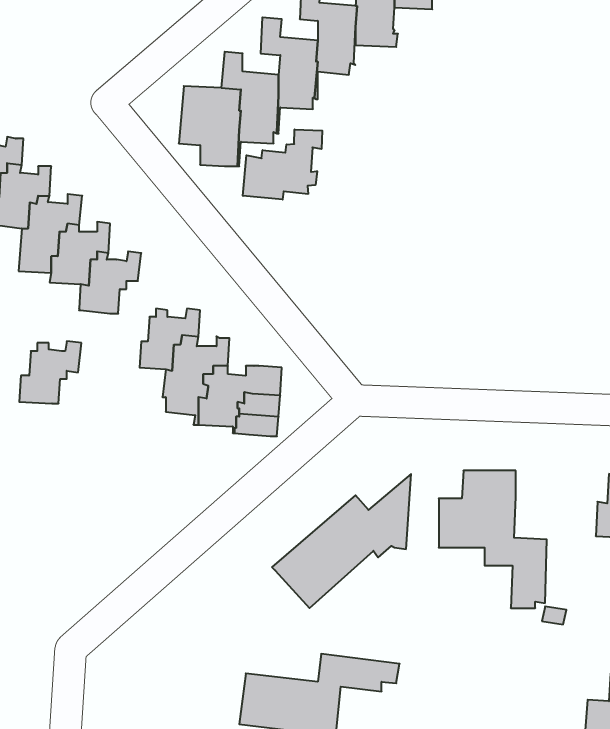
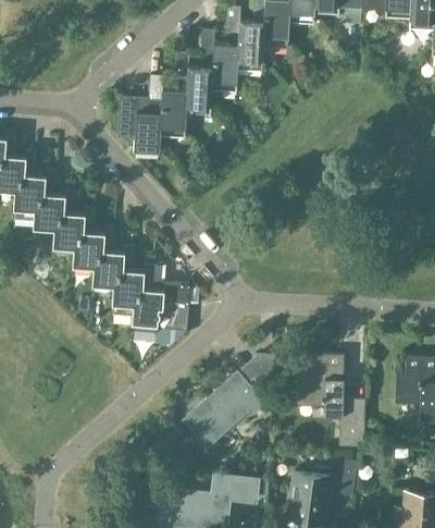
building: [243,129,322,200] -> none
building: [19,341,81,403] -> [73,228,114,269]
building: none -> [289,463,356,521]

